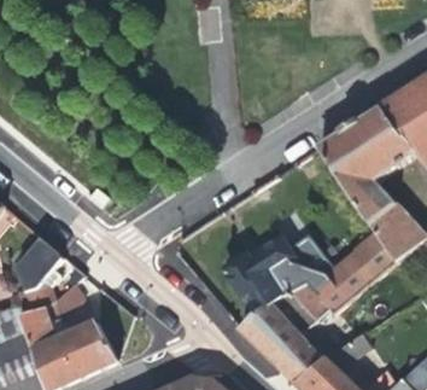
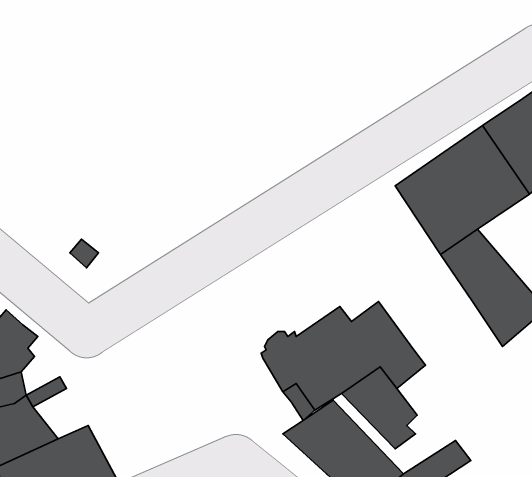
building: [320,232,396,314] -> none

